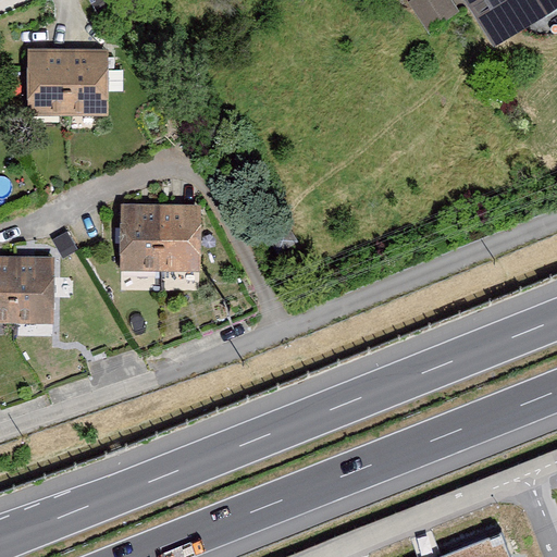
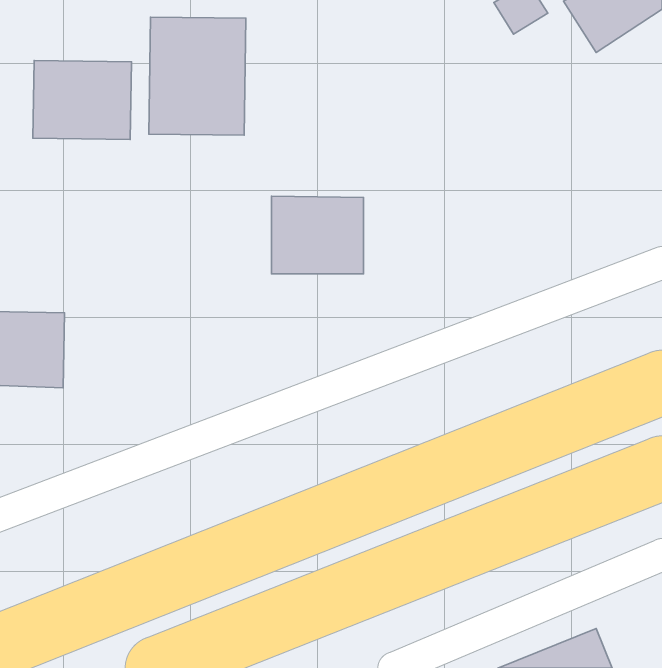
building: none -> [149,17,246,135]
building: [121,205,197,269] -> [271,196,363,274]

